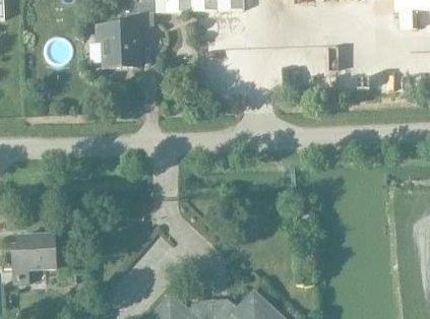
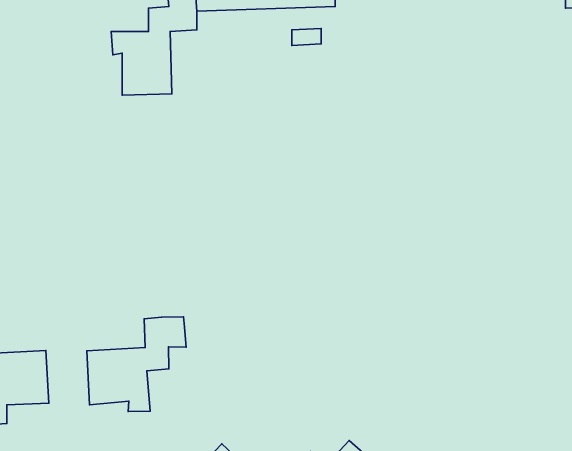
building: none -> [87,317,186,412]

